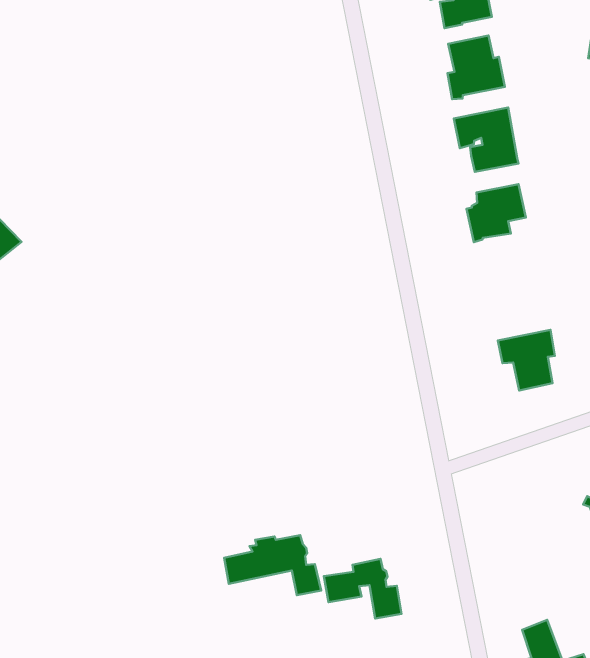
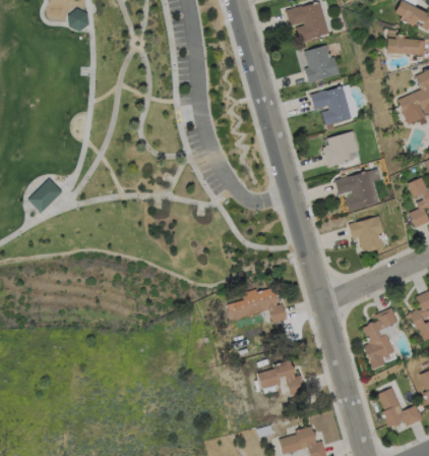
building: none -> [333,171,375,211]
building: none -> [362,307,396,368]
building: [224,535,321,595] -> [228,287,287,323]

